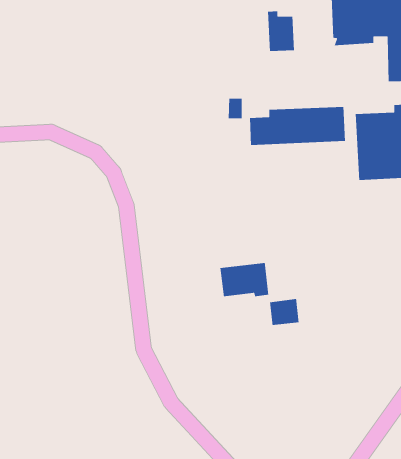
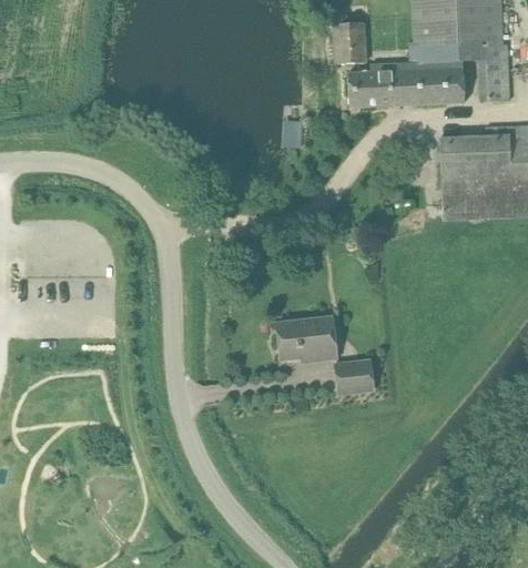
building: [249,106,346,146] -> [347,60,464,108]

